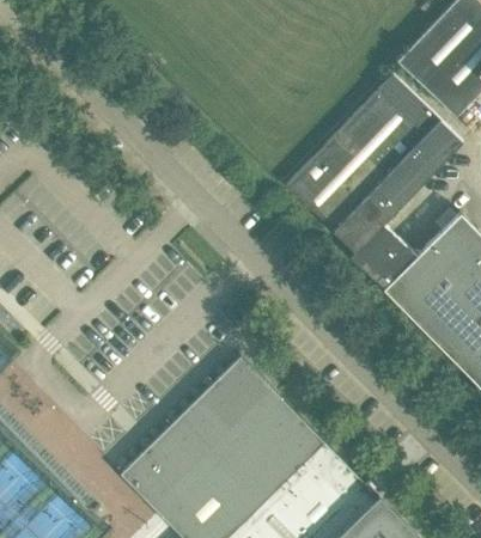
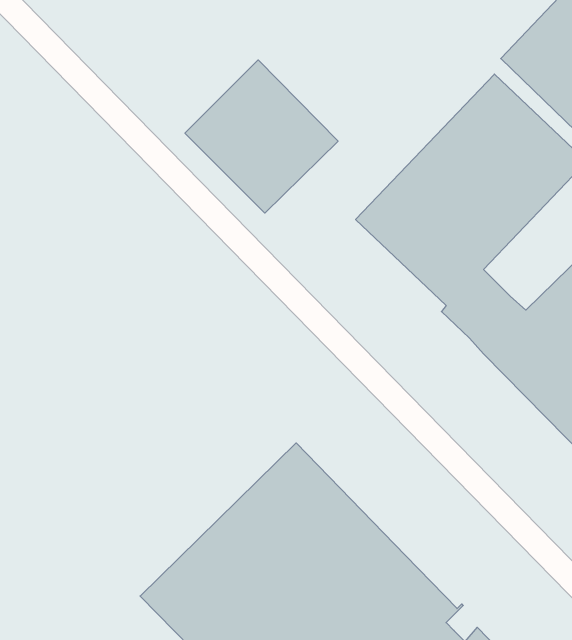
building: none -> [185,60,338,213]

